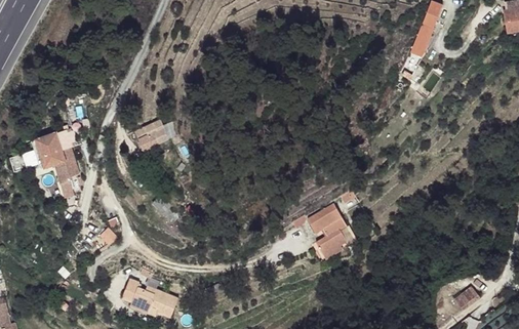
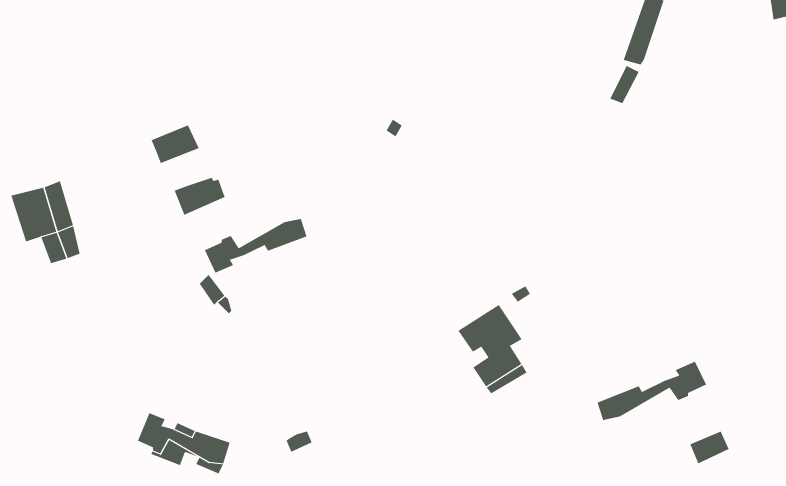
building: none -> [151,124,200,164]
building: none -> [204,218,307,274]
building: none -> [597,361,707,421]

